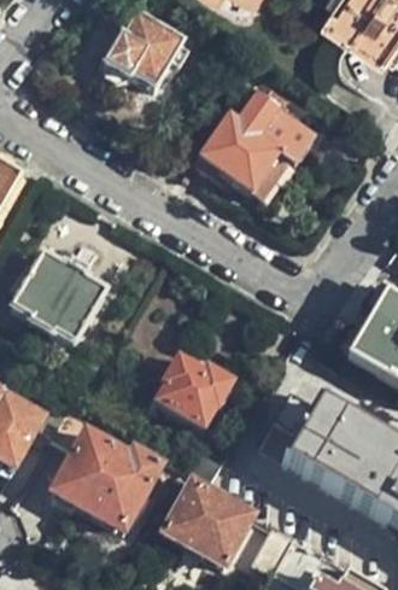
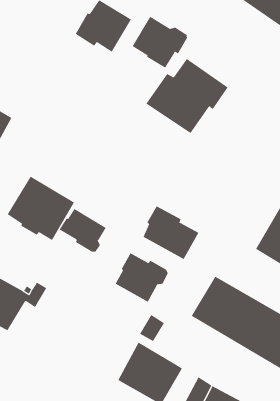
building: none -> [132,16,188,69]
building: none -> [143,205,199,260]
building: none -> [59,208,107,253]
building: [49,405,162,531] -> none

